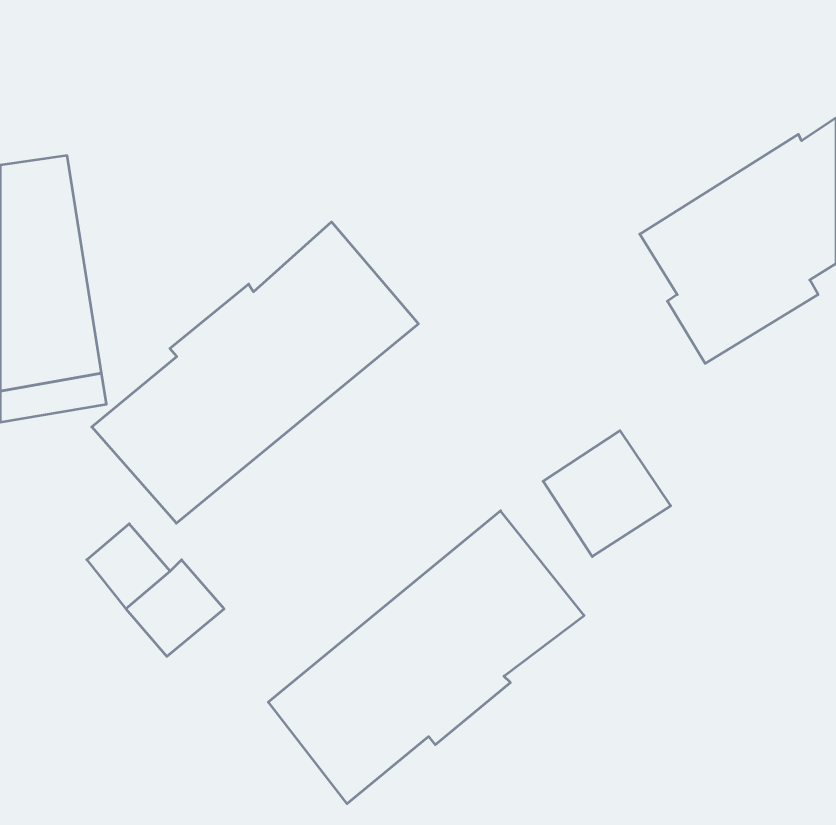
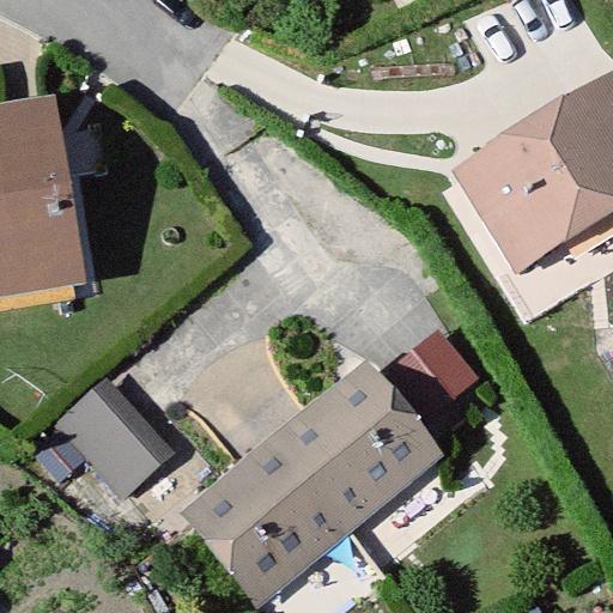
building: [92,222,418,523] -> none

